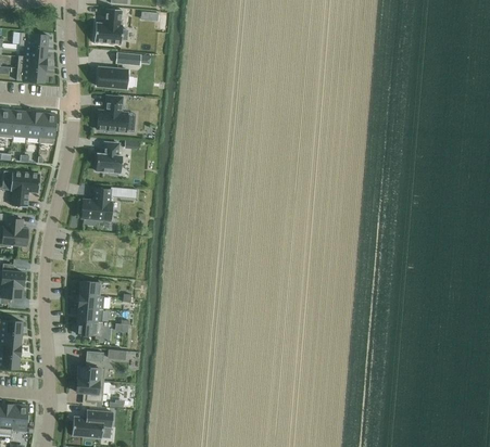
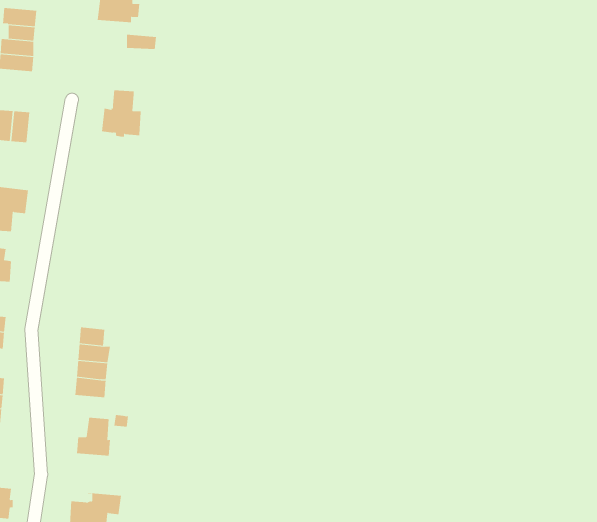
building: [97,67,127,89] -> none
building: [38,114,56,144] -> none
building: [96,142,122,176] -> none
building: [80,189,112,221] -> none
building: [76,380,103,401] -> none

